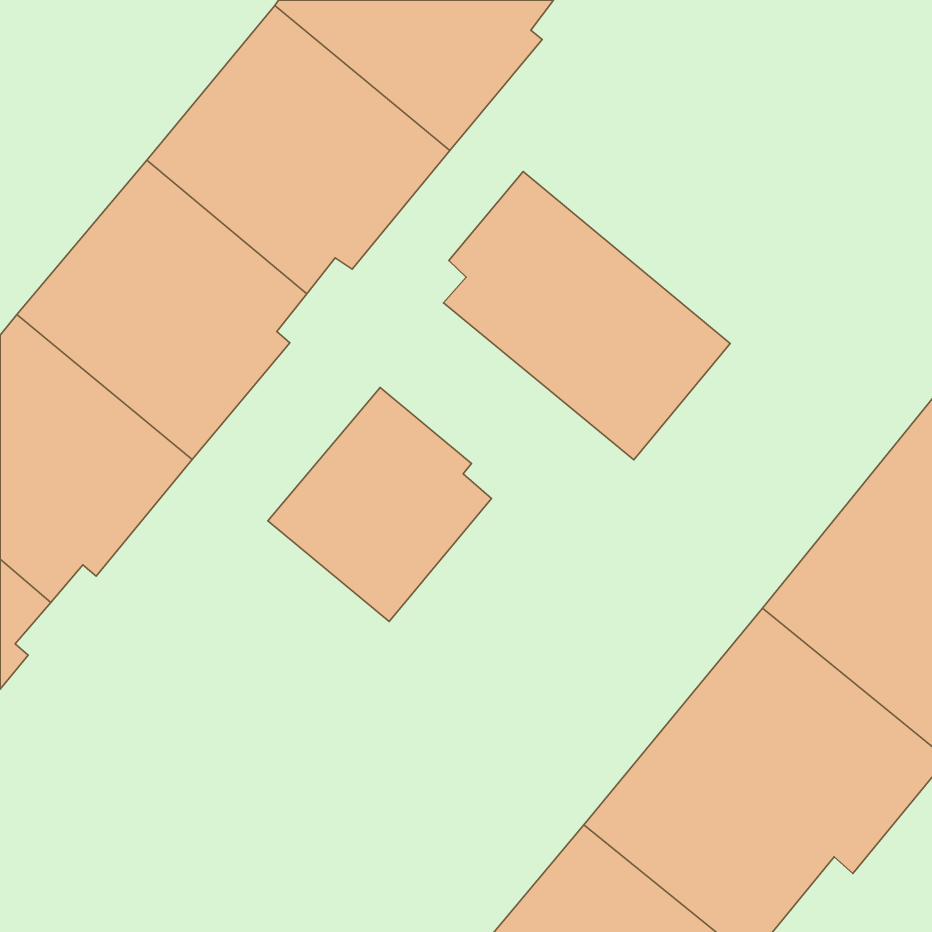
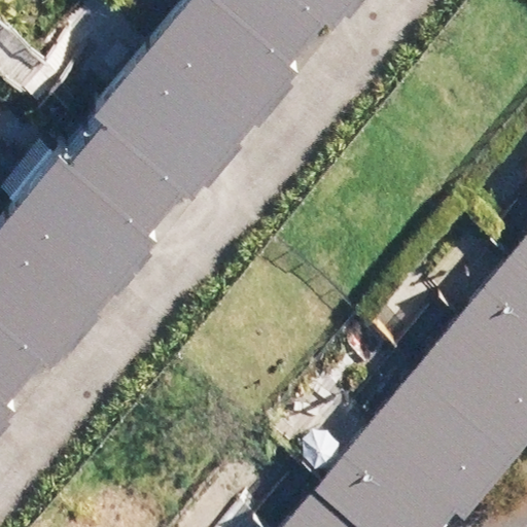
building: [443,172,730,460] -> none
building: [268,387,492,621] -> none

